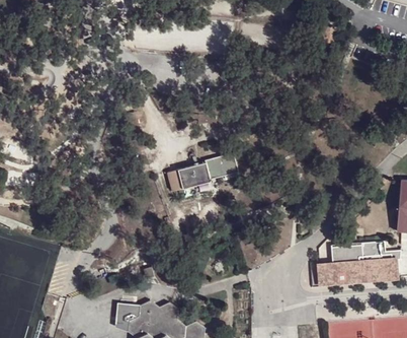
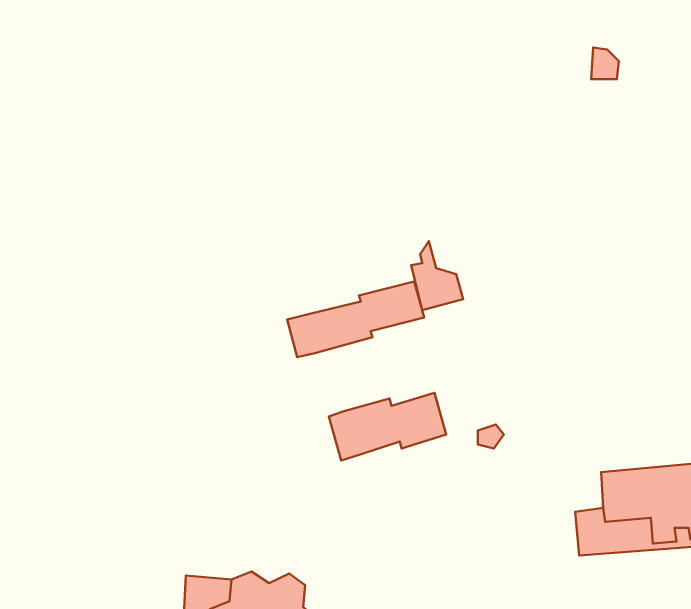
building: none -> [411,241,463,310]
building: none -> [329,393,446,460]

